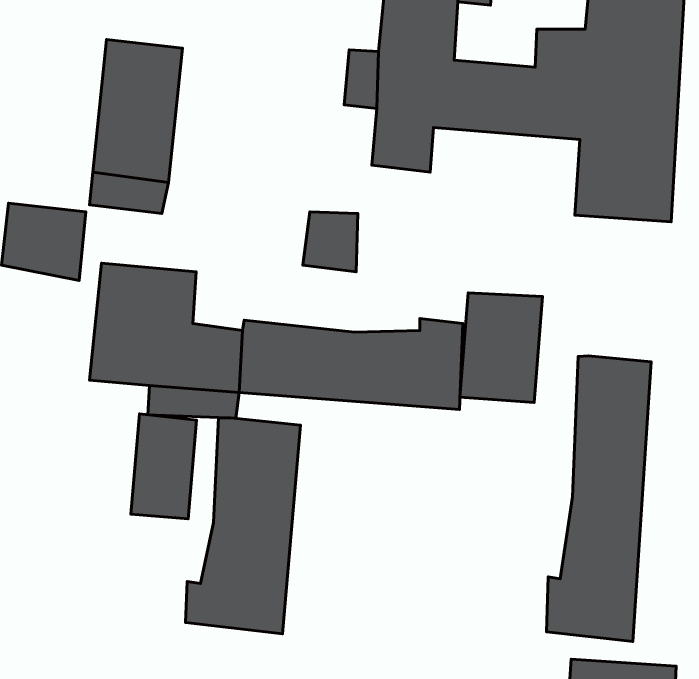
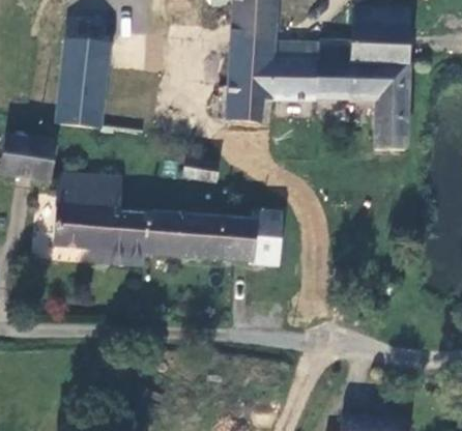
building: [460,293,543,403] -> none
building: [547,356,651,642] -> none
building: [131,414,197,519] -> none
building: [186,418,300,634] -> none

